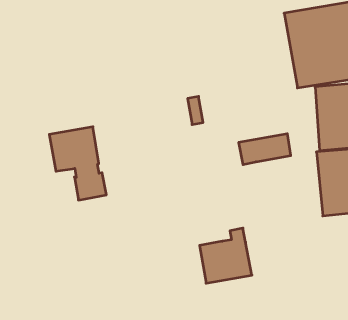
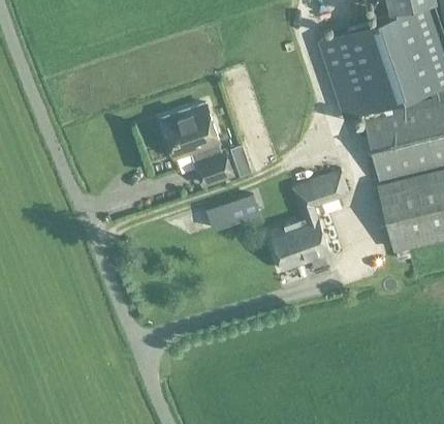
building: [49,127,106,200] -> [161,104,232,185]
building: none -> [204,196,258,232]
building: [200,228,252,283] -> [269,206,330,271]

